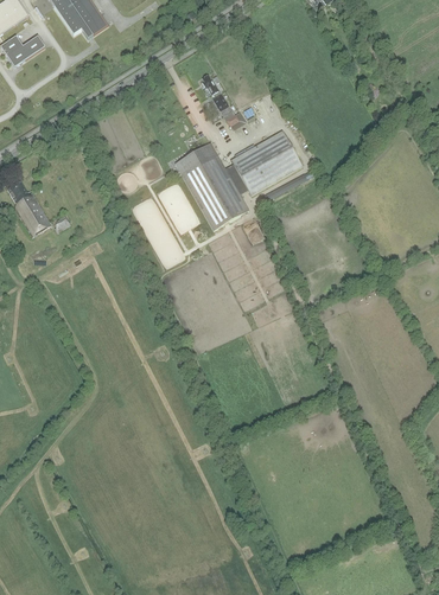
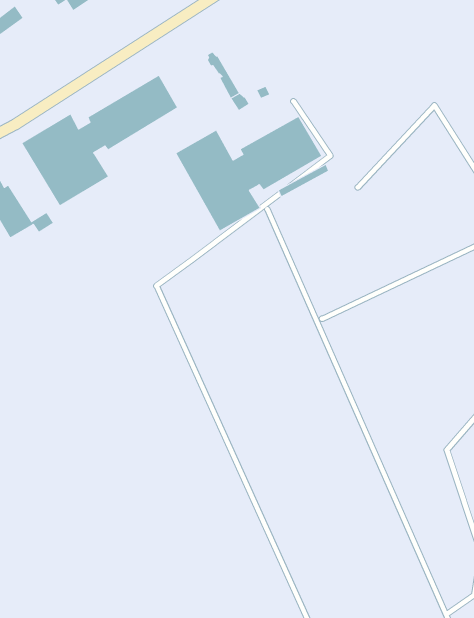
building: none -> [21,75,178,206]

